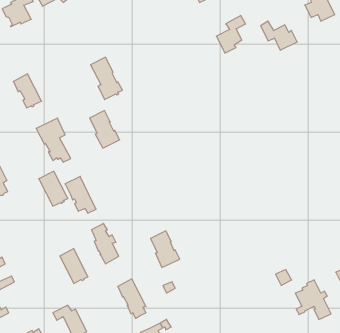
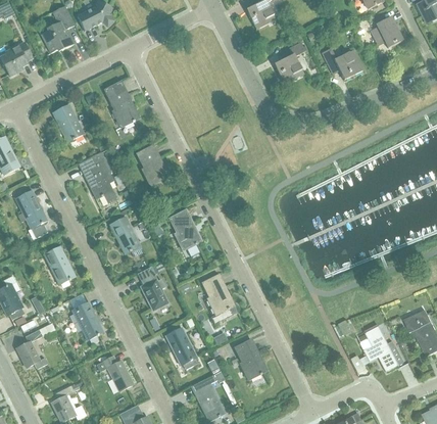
building: [91,57,122,100] -> [104,81,139,127]
building: none -> [168,209,201,250]
building: [39,171,68,206] -> [43,246,75,284]
building: [60,249,88,283] -> [71,301,102,339]
building: none -> [234,340,265,379]

